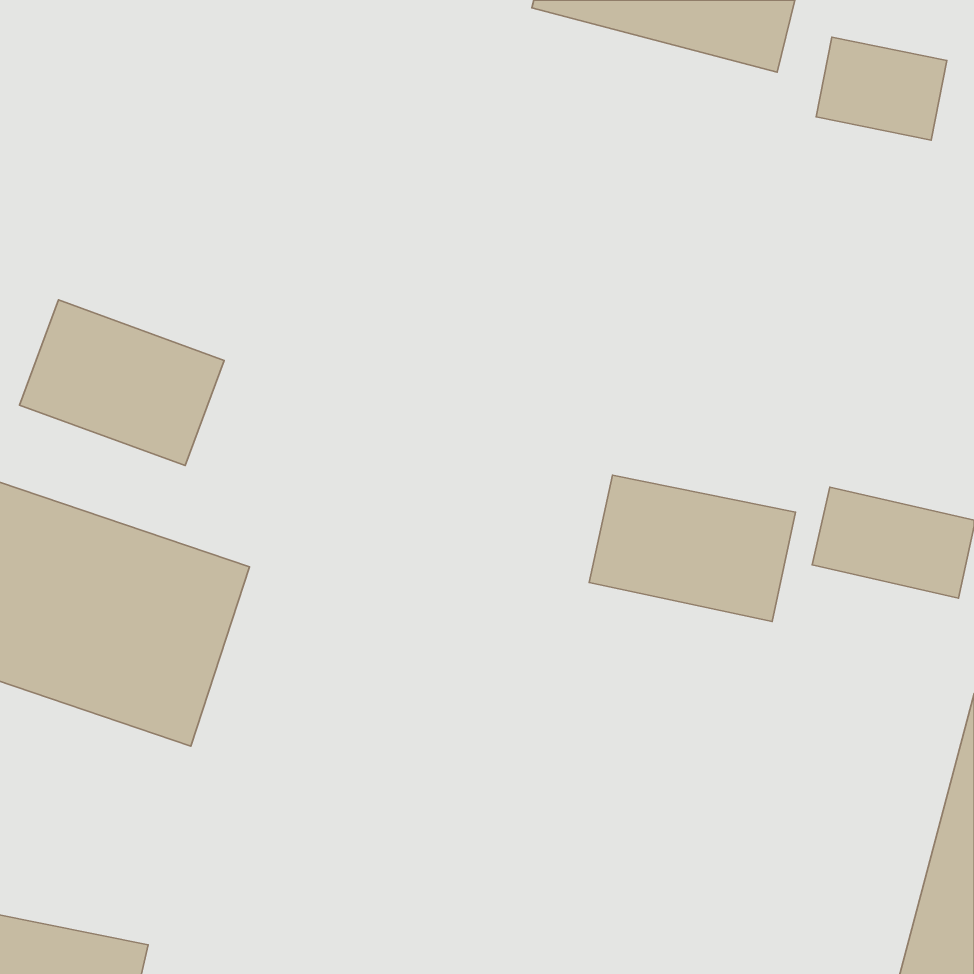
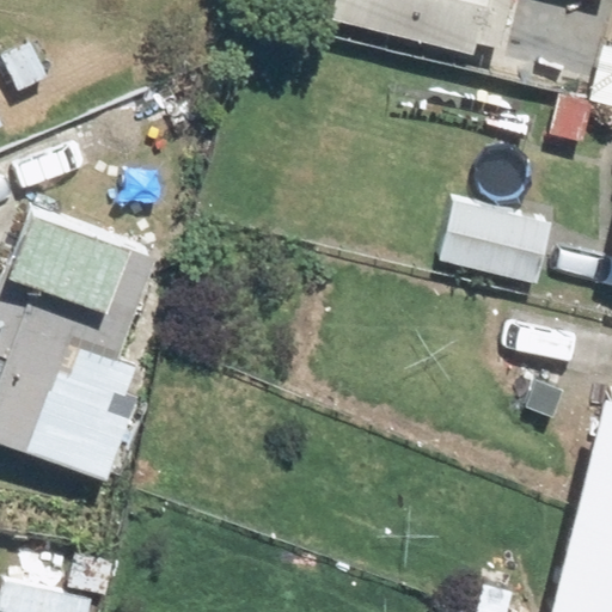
building: [589,475,796,621] -> [429,196,556,286]

